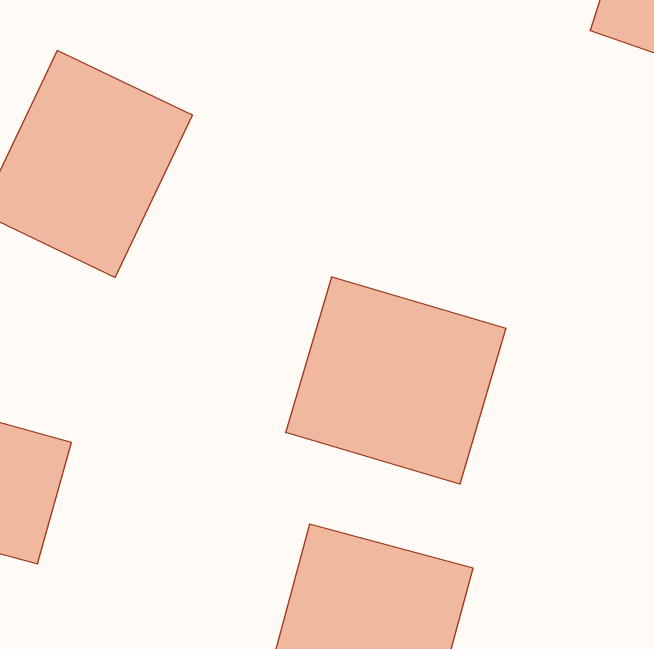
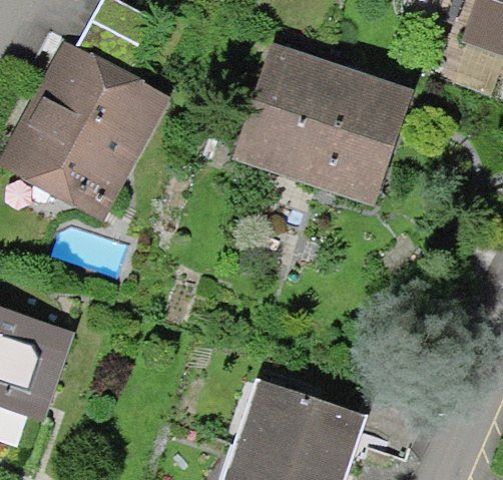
building: none -> [248,46,417,200]
building: [286,277,506,484] -> none

